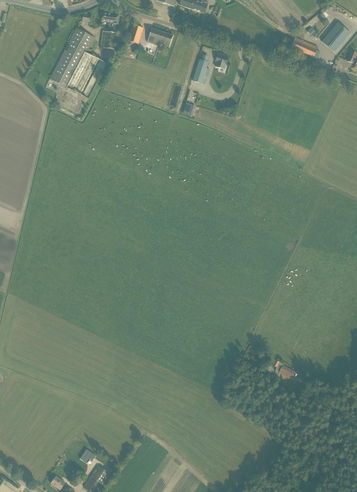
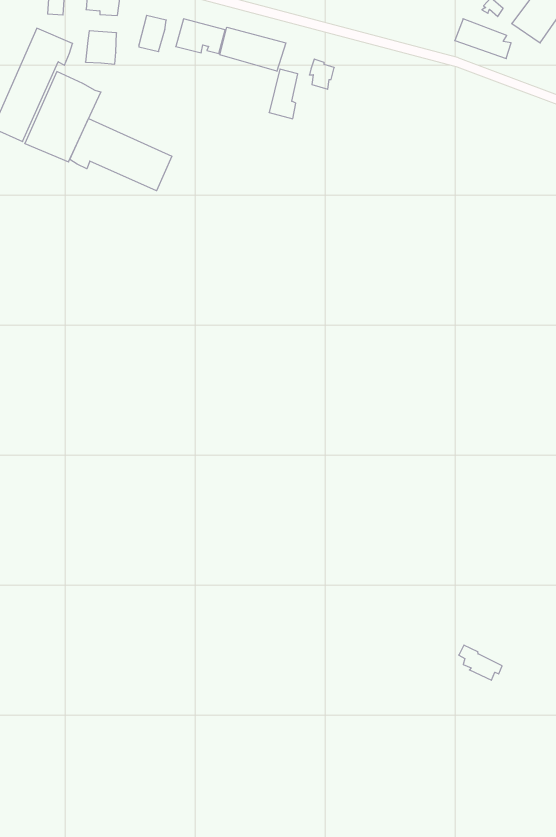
building: none -> [220,27,286,71]
building: none -> [70,119,172,191]

